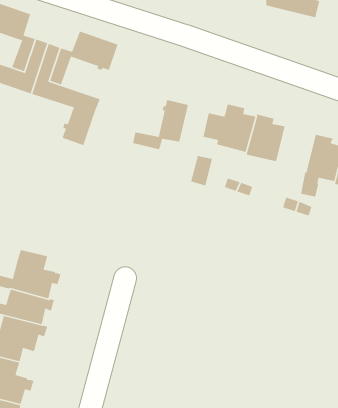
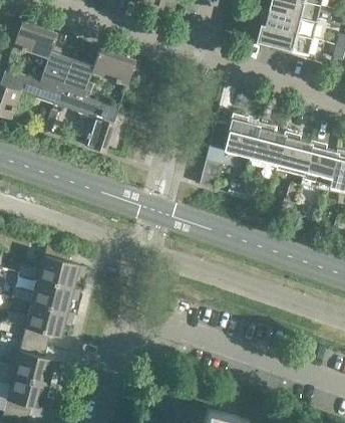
building: none -> [263,26,312,58]
building: [132,99,189,150] -> none
building: none -> [276,132,311,175]

